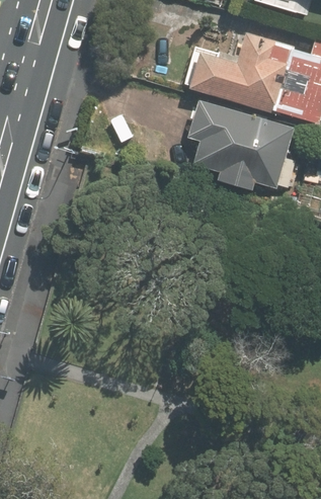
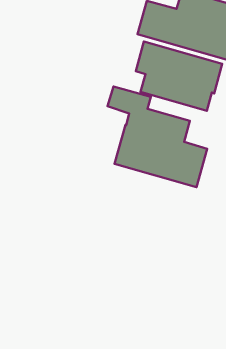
building: none -> [108,87,207,187]

